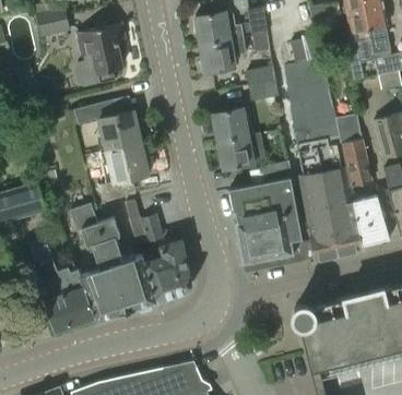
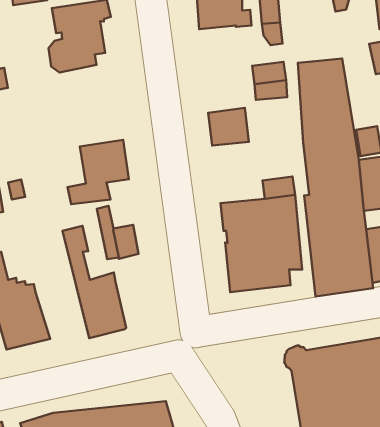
building: [292,36,321,63] -> none
building: [194,38,235,72] -> none
building: [73,99,142,151] -> none
building: [217,132,265,169] -> none
building: [70,206,127,321] -> none
building: [145,239,190,300] -> none

